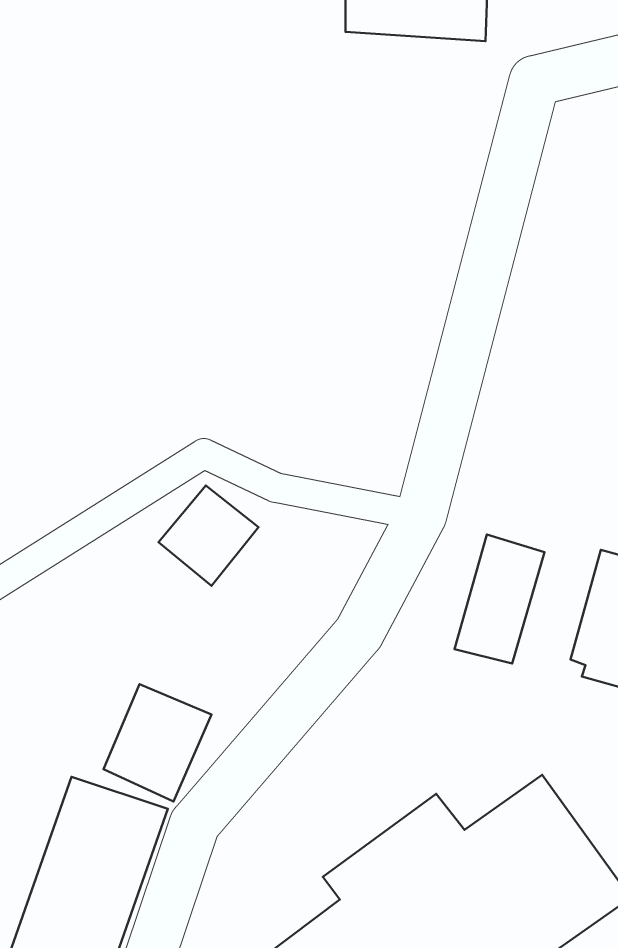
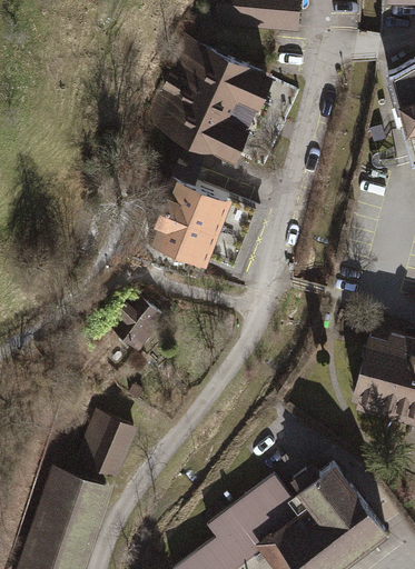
building: none -> [147,34,271,159]
building: none -> [146,171,229,260]
building: [454,535,545,663] -> none

